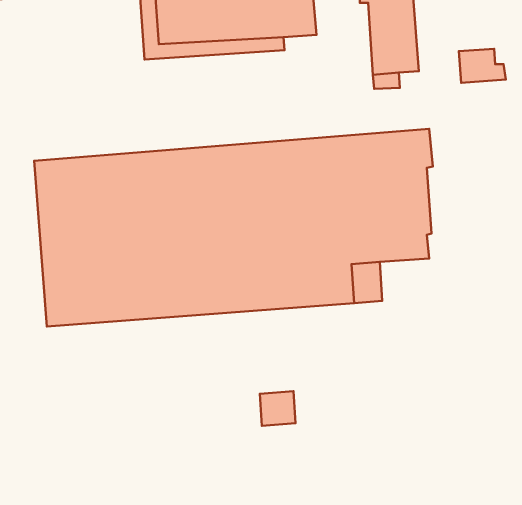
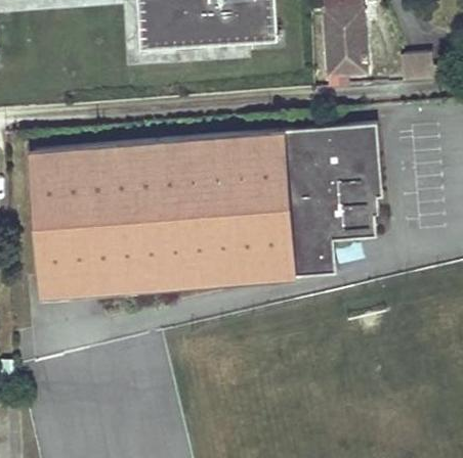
building: [260,391,295,426] -> none

